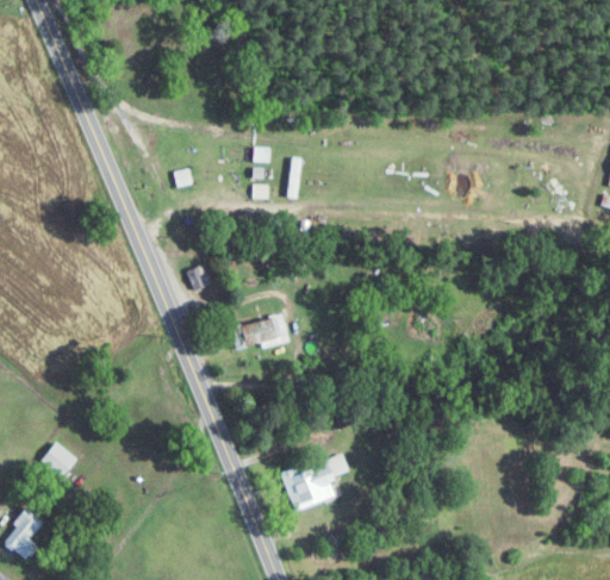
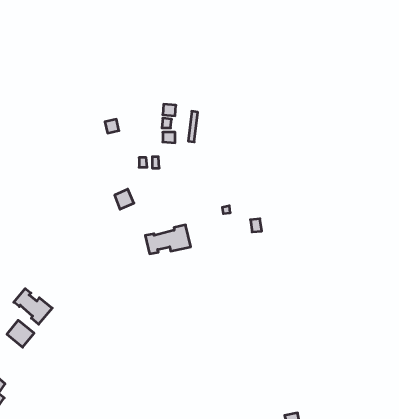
building: none -> [14,289,52,324]
building: [280,463,336,512] -> none

